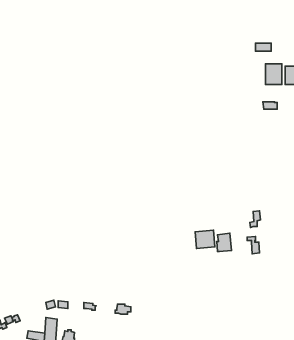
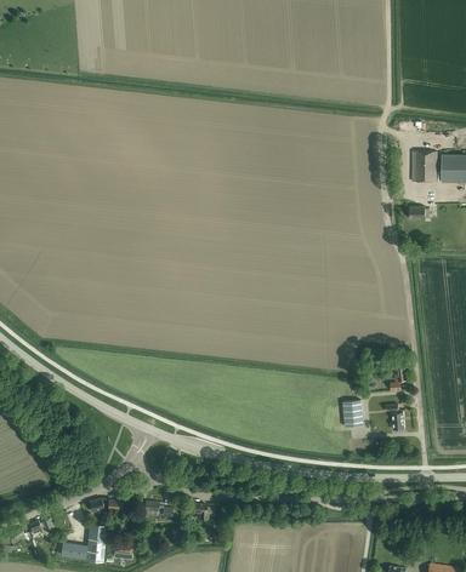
building: [195,230,215,248] -> none

